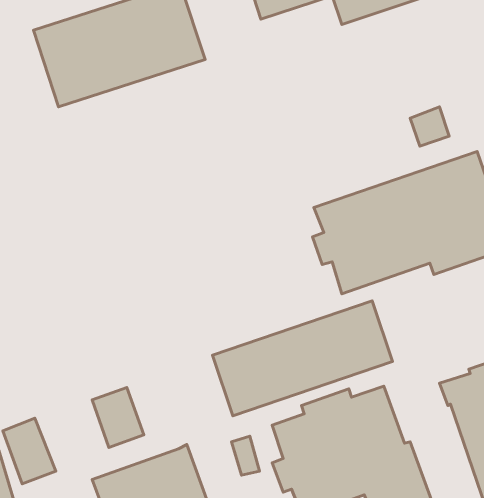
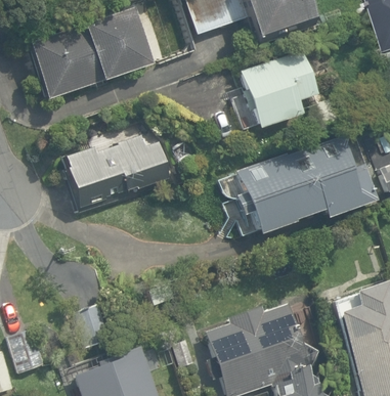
building: none -> [237,50,316,129]
building: none -> [61,136,170,212]
building: [213,301,393,416] -> none

